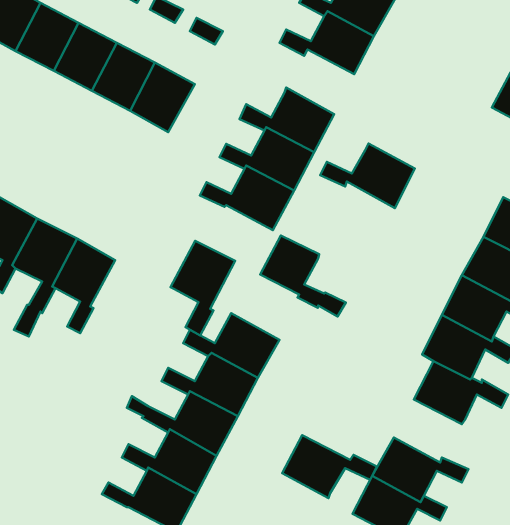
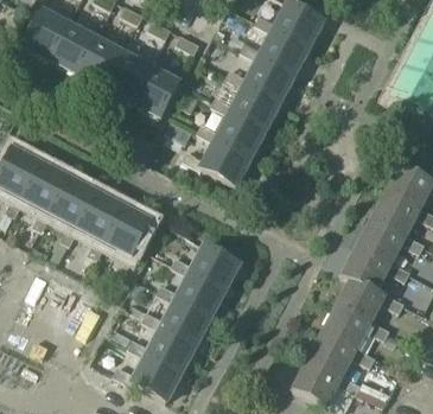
building: [320,143,415,208] -> [225,55,293,101]
building: [260,235,346,317] -> none
building: [170,241,235,335] -> [104,205,151,273]
building: [282,435,377,498] -> [321,305,389,350]

